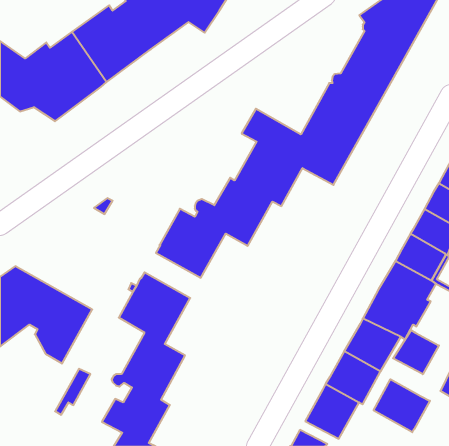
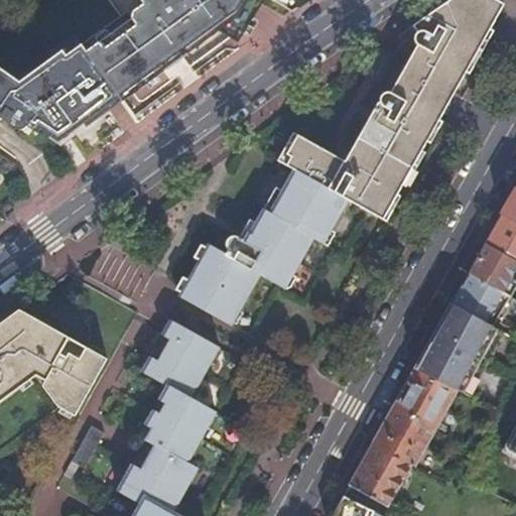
building: [393,330,439,374] -> none
building: [374,379,430,432] -> none

